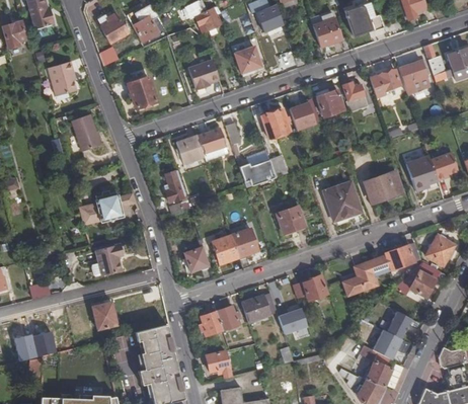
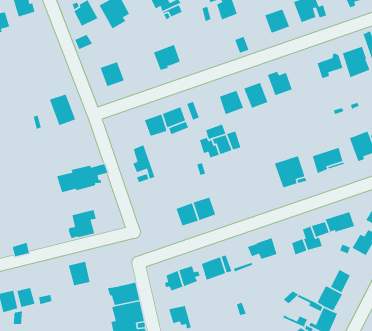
building: [234,48,260,73] -> none
building: [49,61,77,95] -> none
building: [343,82,367,111] -> none
building: [276,205,307,235] -> none
building: [182,247,208,270] -> none
building: [278,309,307,334] -> none

